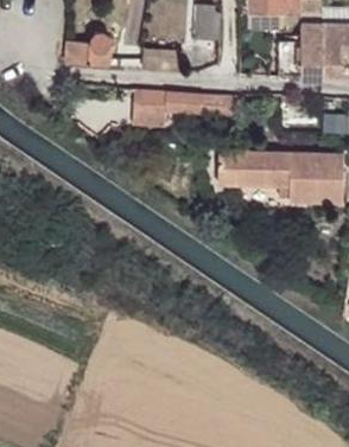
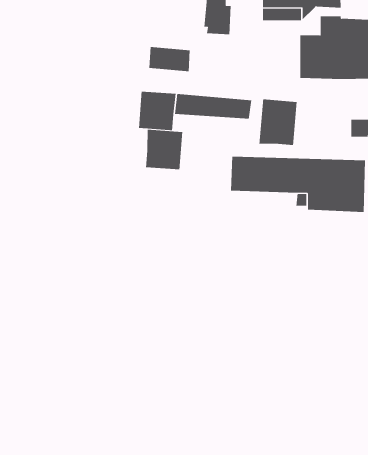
building: [64,32,116,66] -> none
building: none -> [259,99,297,146]
building: none -> [146,129,183,170]

